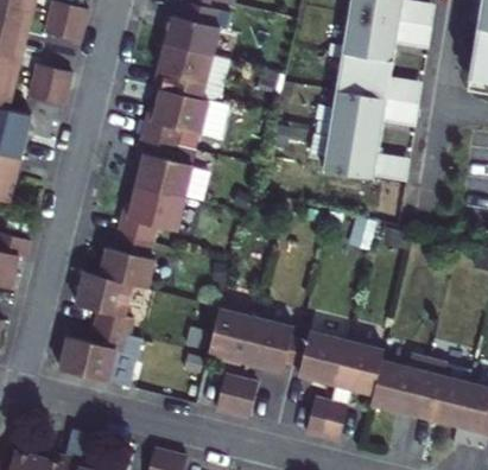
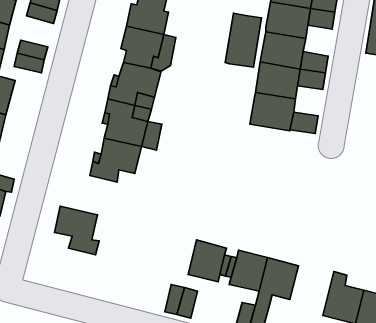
building: none -> [225,13,262,67]
building: [100,236,156,291] -> none
building: [207,309,254,362] -> none
building: [58,329,135,389] -> none
building: [370,355,429,414] -> none

